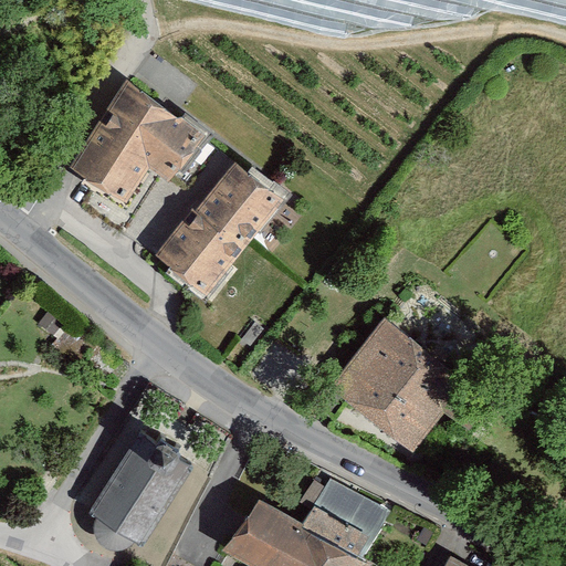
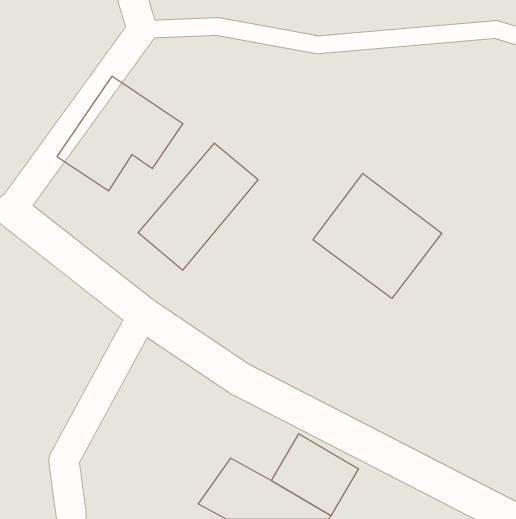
building: [327,318,468,454] -> [313,173,442,298]
building: [94,434,195,546] -> none

